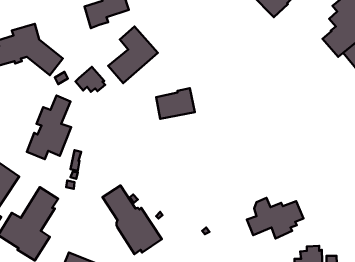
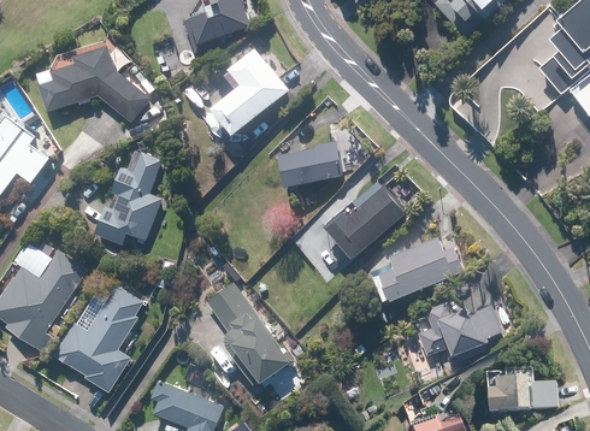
building: [75,67,105,92] -> none
building: none -> [319,182,406,258]
building: none -> [384,236,460,300]

